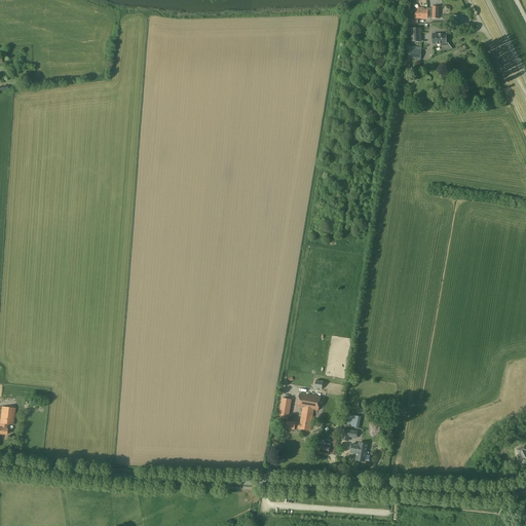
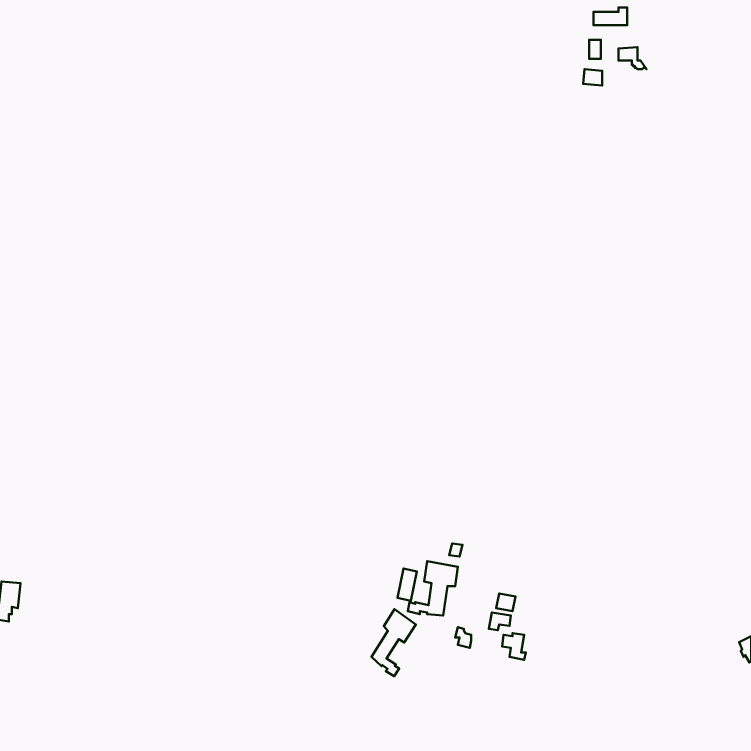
building: none -> [371,609,416,676]

